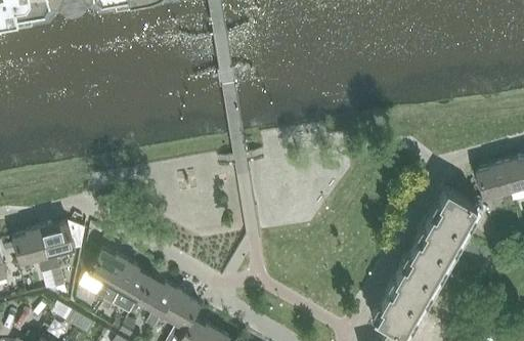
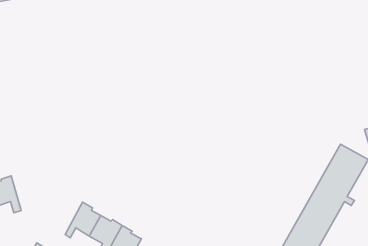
building: [40,223,77,271] -> none
building: [87,246,128,301] -> none

